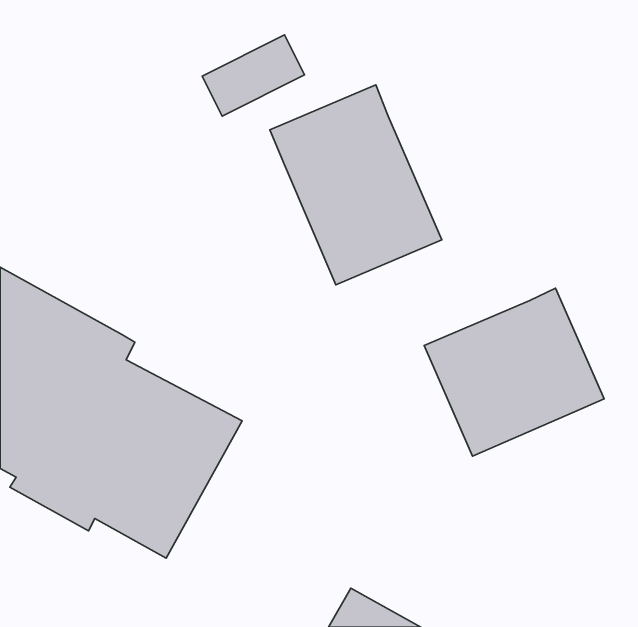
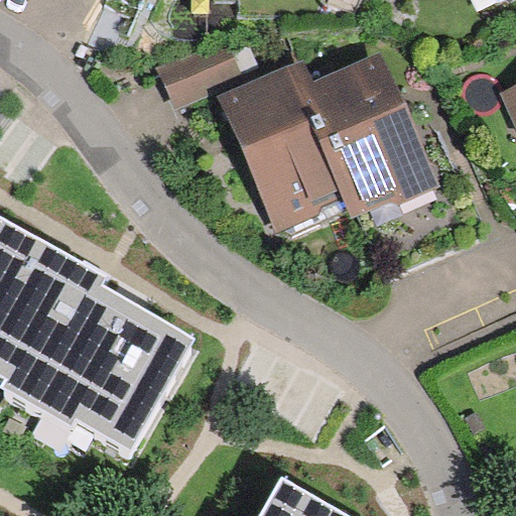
building: none -> [313,63,435,217]
building: [424,288,604,456] -> none

